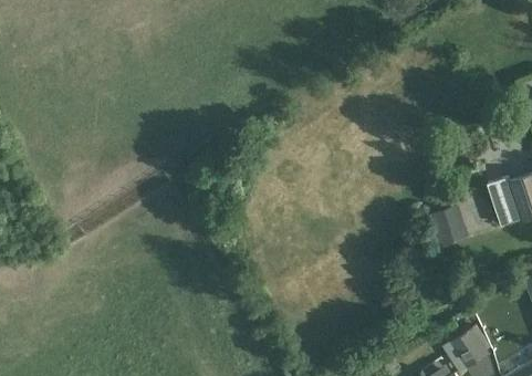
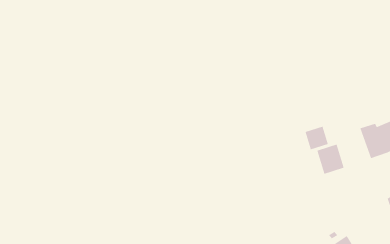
building: none -> [305,126,329,150]

